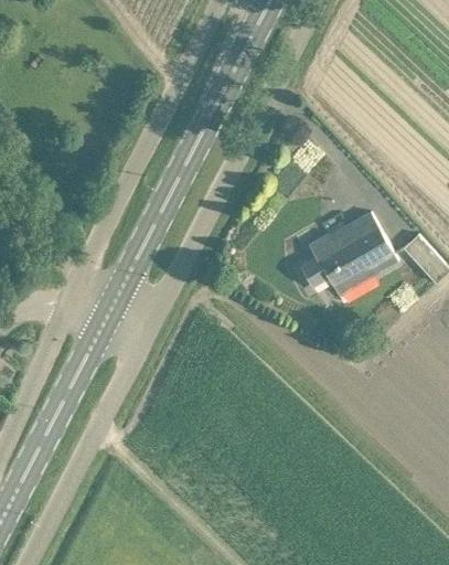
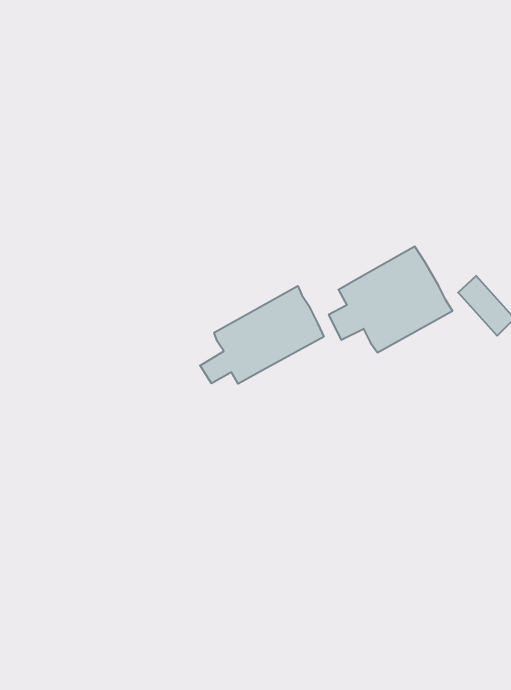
building: none -> [200,286,324,384]

